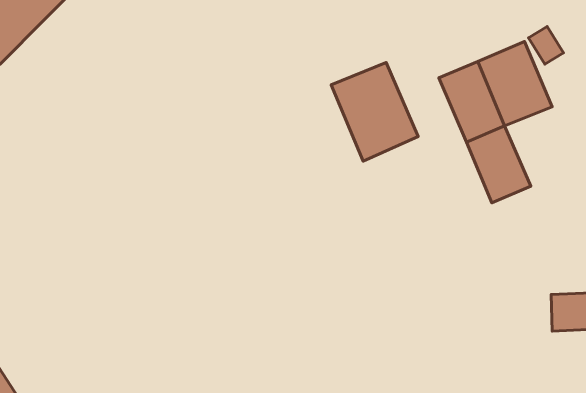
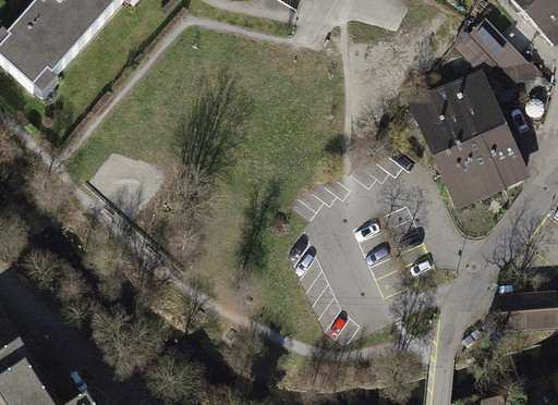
building: [331,62,418,161] -> none
building: none -> [465,127,529,196]

